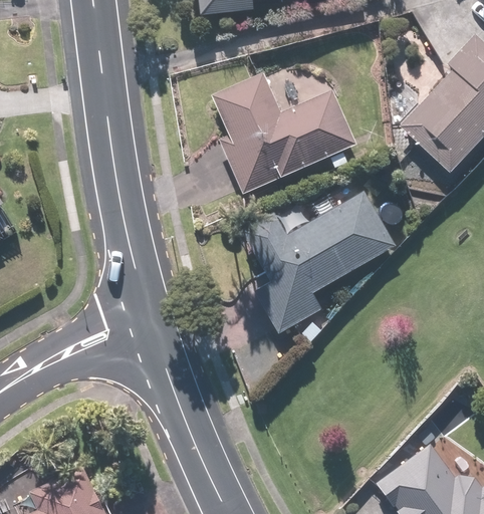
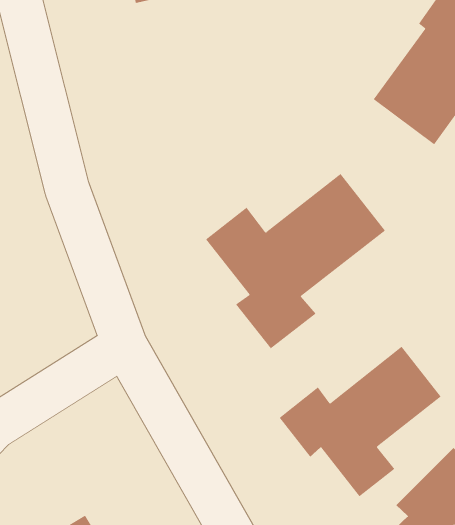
building: [207,70,357,198] -> none
building: none -> [279,346,442,497]

